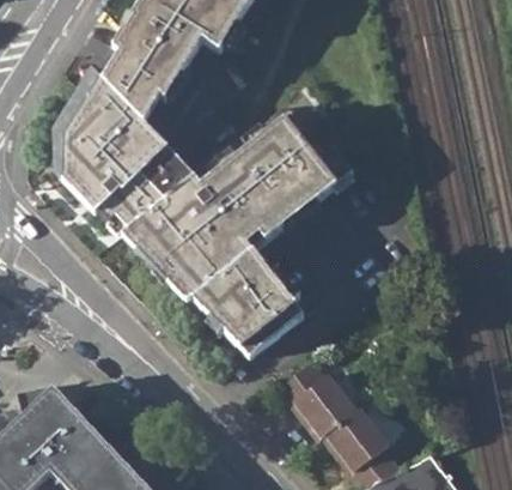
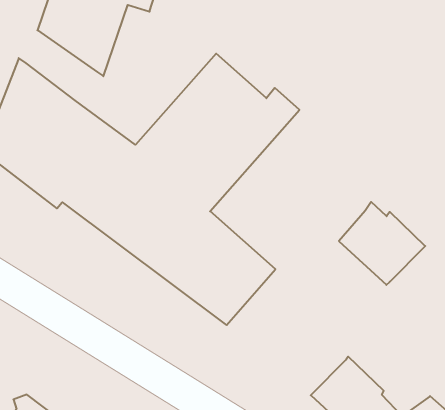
building: [104,54,169,125] -> none
building: [275,357,354,436] -> [339,202,425,285]

